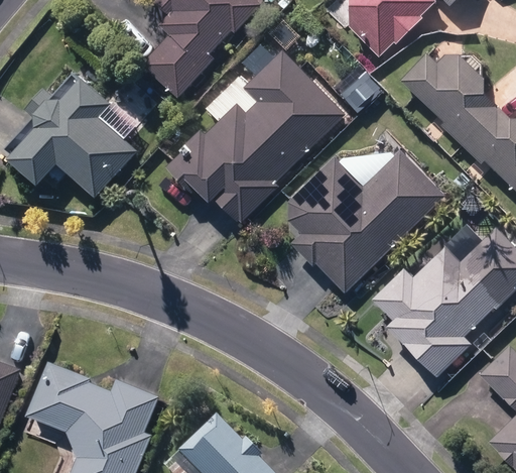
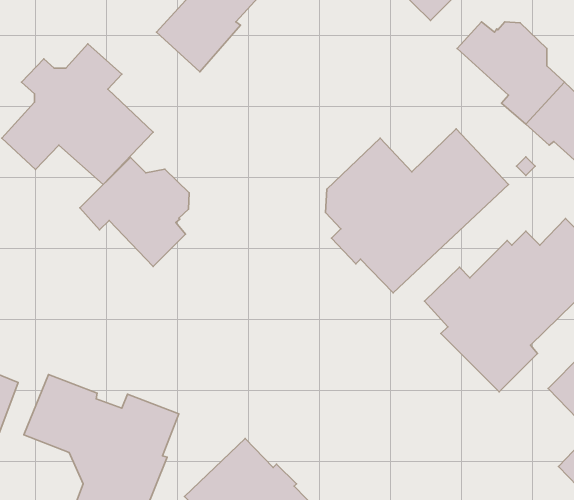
building: [165,51,346,222] -> none
building: none -> [80,157,189,266]

